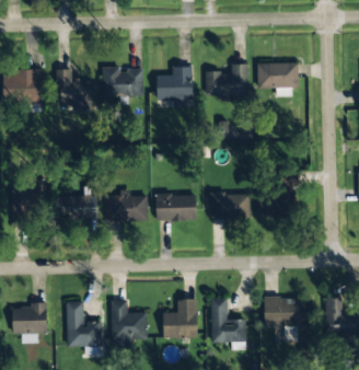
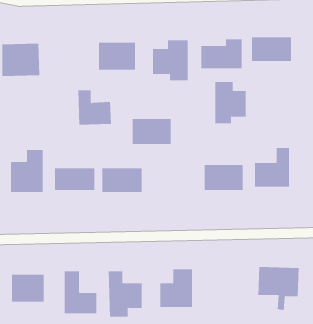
building: [57,68,92,104] -> [78,90,112,125]
building: none -> [215,81,246,124]
building: [157,193,197,219] -> [132,119,172,144]
building: [211,298,245,340] -> none

